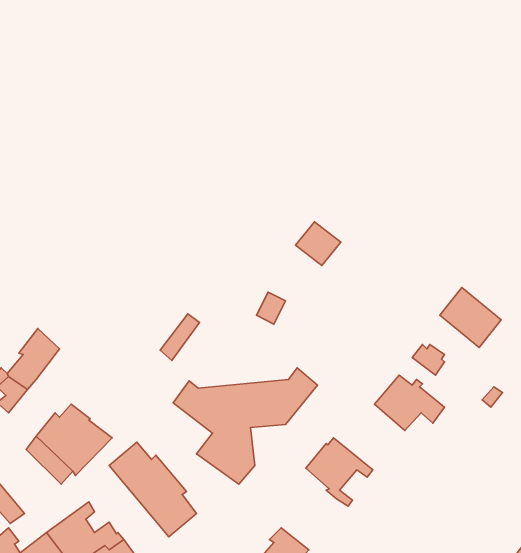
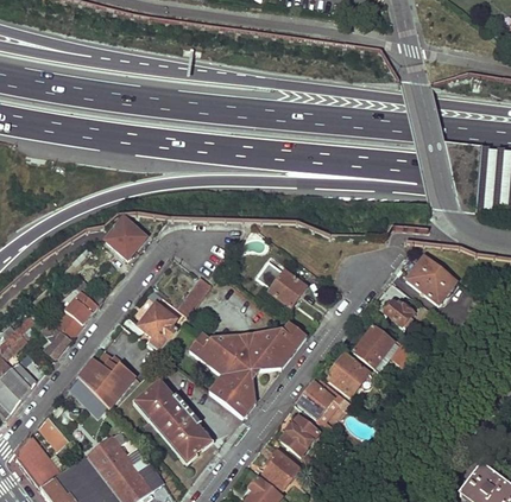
building: [296,222,341,266] -> [270,268,307,304]
building: none -> [105,220,141,259]
building: none -> [121,303,177,352]
building: none -> [326,355,373,395]
building: none -> [279,411,322,456]

